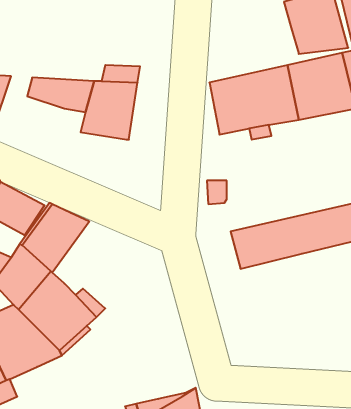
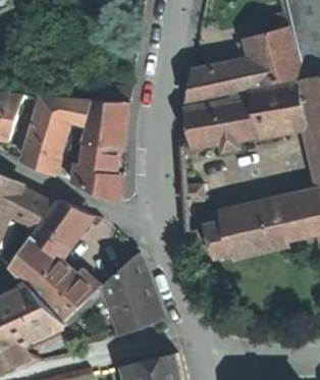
building: none -> [185,56,261,98]
building: none -> [23,112,68,172]
building: none -> [70,142,123,200]
building: none -> [101,253,164,339]

